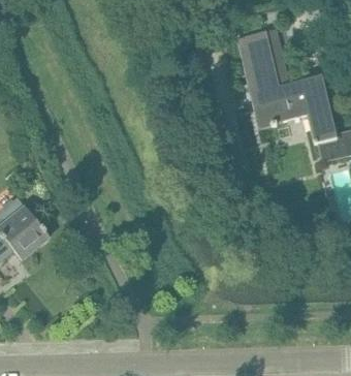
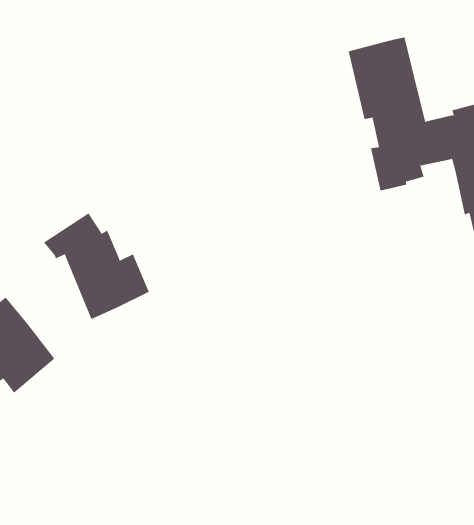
building: none -> [43,213,150,320]

